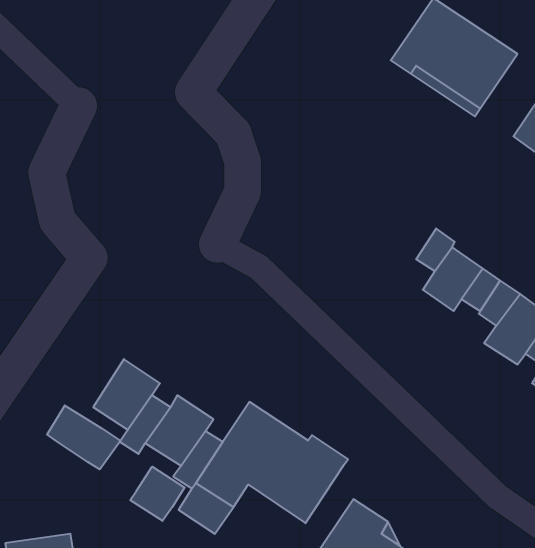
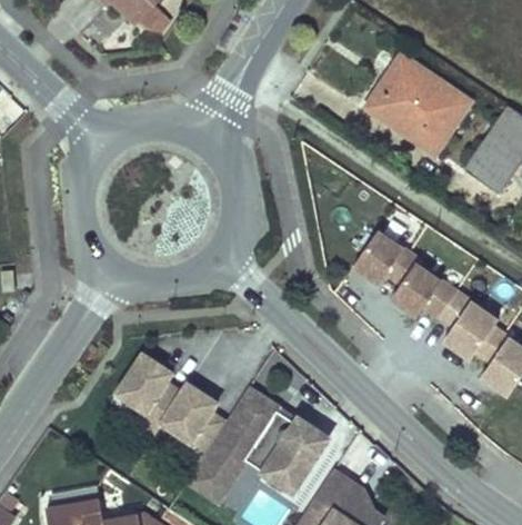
building: none -> [354,229,403,281]
building: [47,405,121,469] -> none
building: [130,467,185,521] -> none

